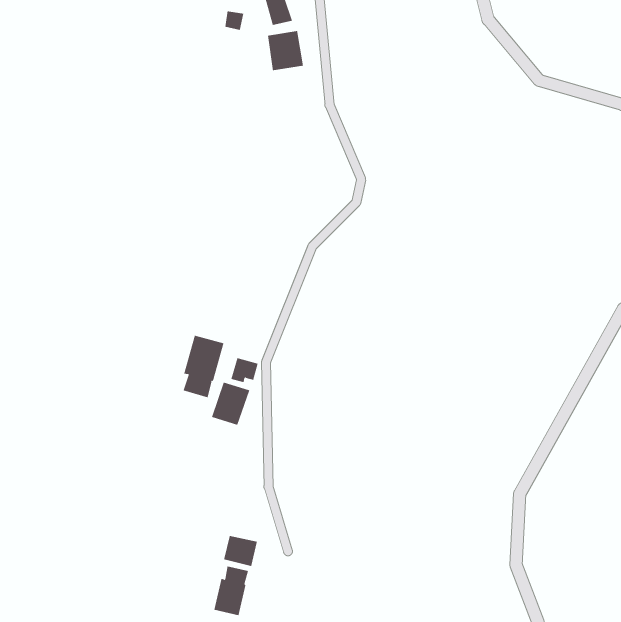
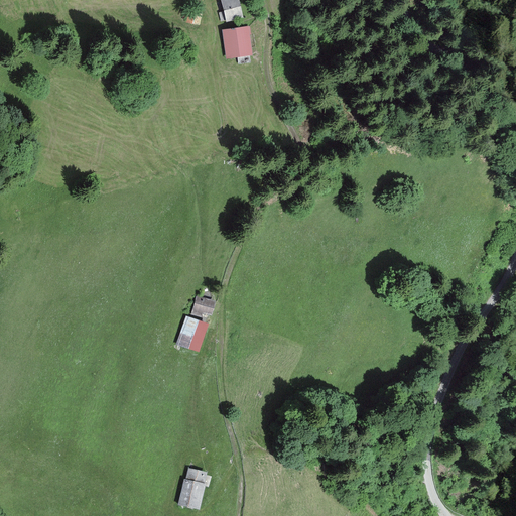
building: [183,335,224,398] -> none
building: [224,535,257,567] -> none

